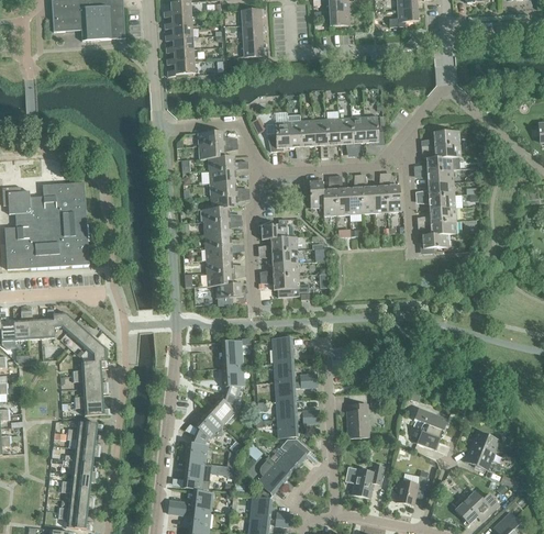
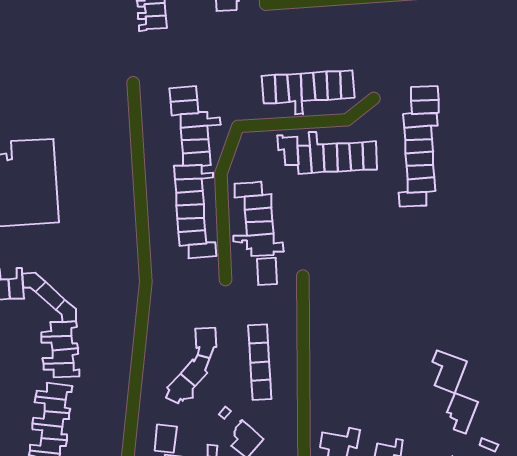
building: [269,120,289,151] -> none
building: [273,337,292,364] -> [257,258,277,285]
building: [221,341,242,367] -> none
building: [346,403,367,435] -> none
building: [413,408,447,449] -> [432,350,467,393]
building: [185,434,207,463] -> none
building: [270,437,310,475] -> none

